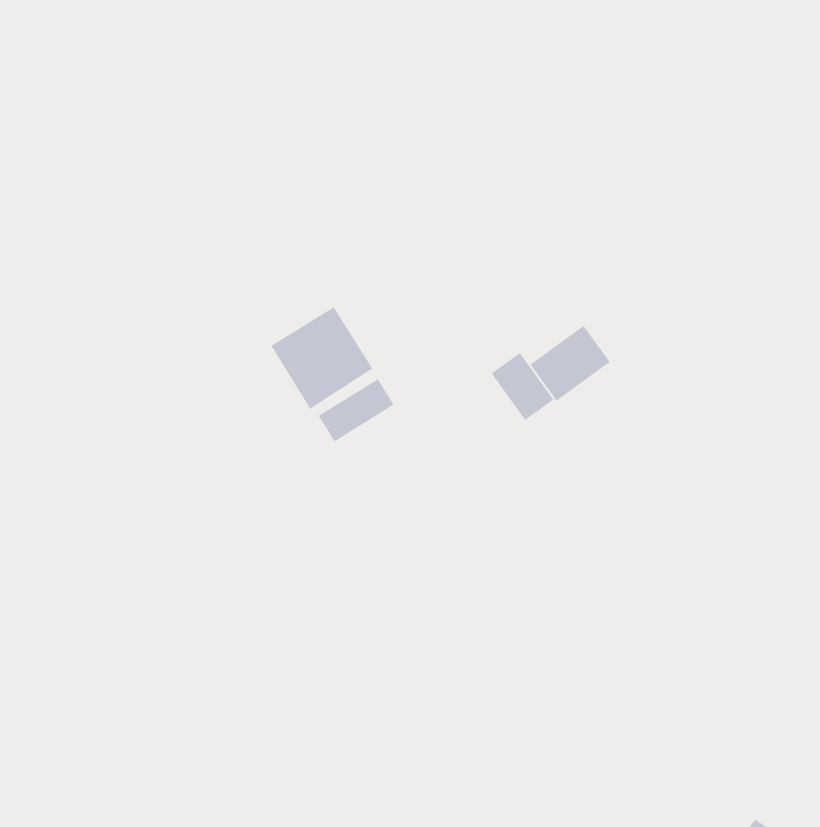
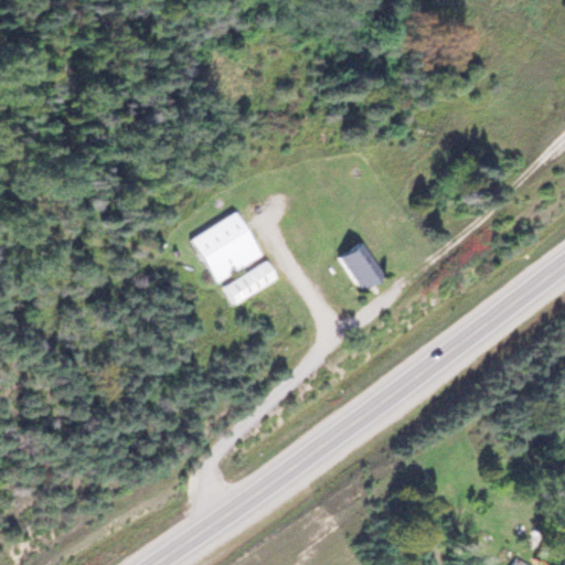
building: [529,325,611,402] -> none

